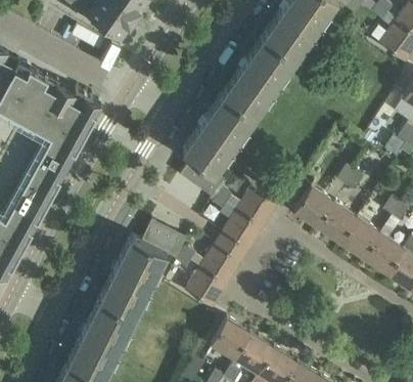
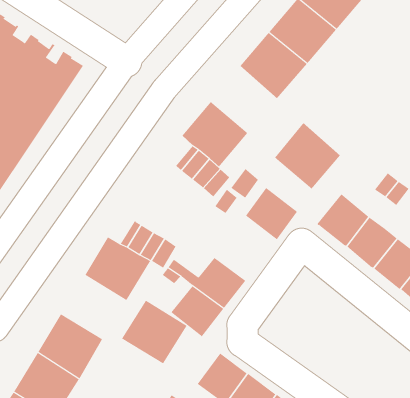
building: [202,92,255,144] -> [274,122,341,189]
building: [223,209,264,250] -> none
building: [99,266,150,315] -> [121,300,188,364]

